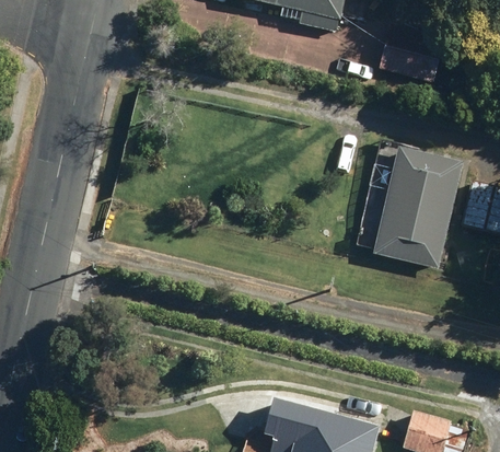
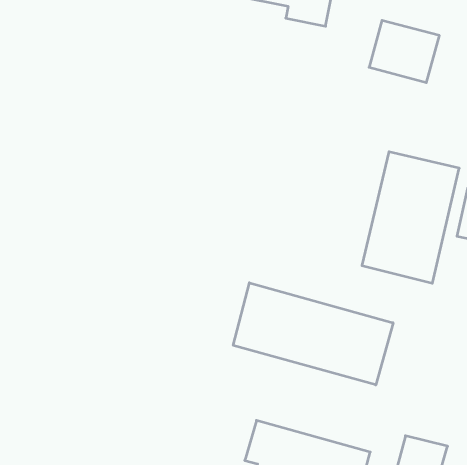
building: none -> [233,283,393,385]

